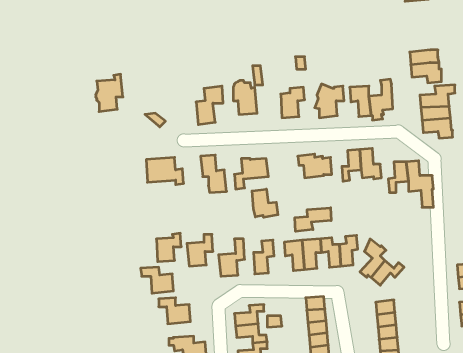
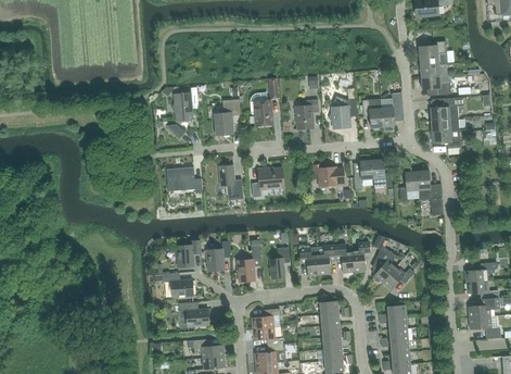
building: none -> [419,41,448,66]
building: [96,74,123,112] -> [173,87,199,123]
building: [252,189,278,217] -> none
building: [295,208,331,231] -> none

